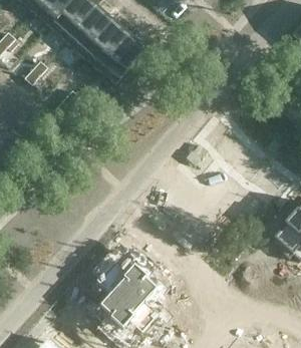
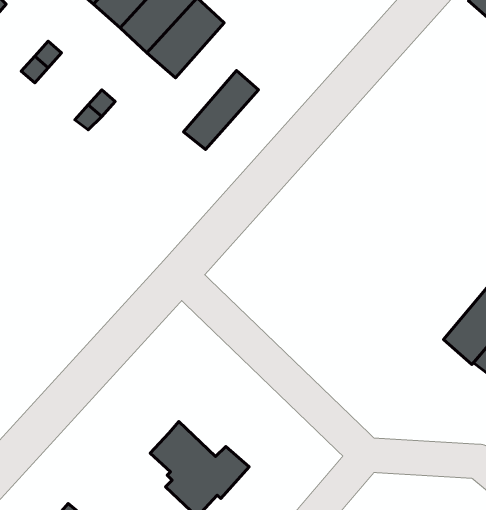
building: none -> [184,70,259,150]
building: [96,252,156,308] -> none

